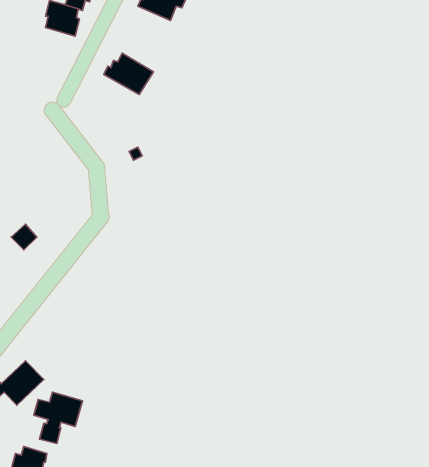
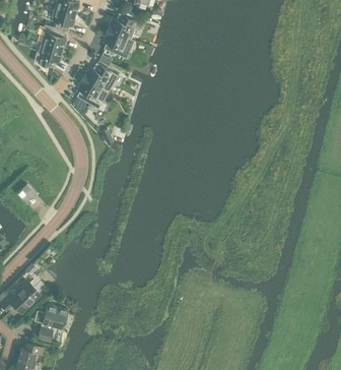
building: none -> [104,28,131,58]
building: none -> [35,44,63,67]
building: none -> [77,77,109,109]

